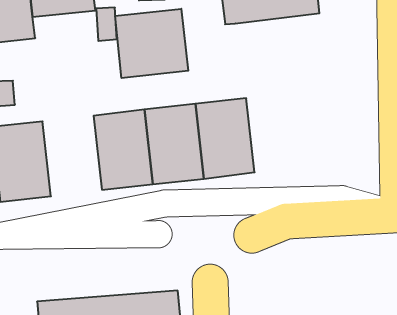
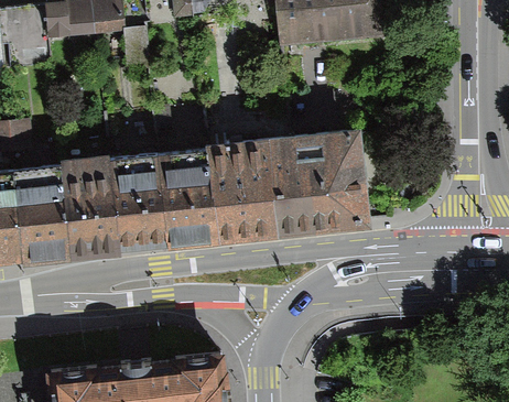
building: [115,9,188,78] -> none
building: none -> [300,128,371,224]
building: none -> [57,156,128,252]

